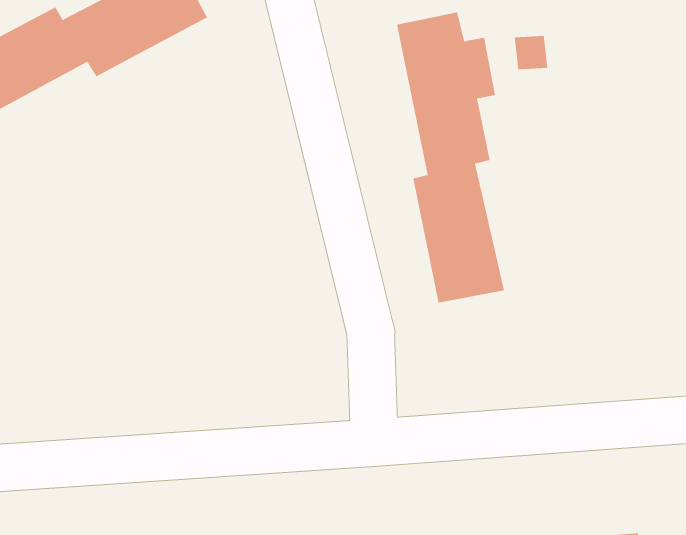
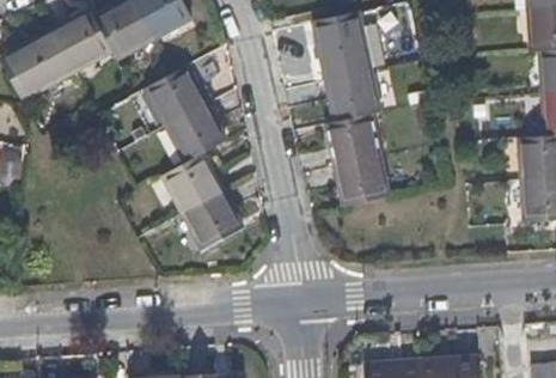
building: none -> [146,66,252,246]

